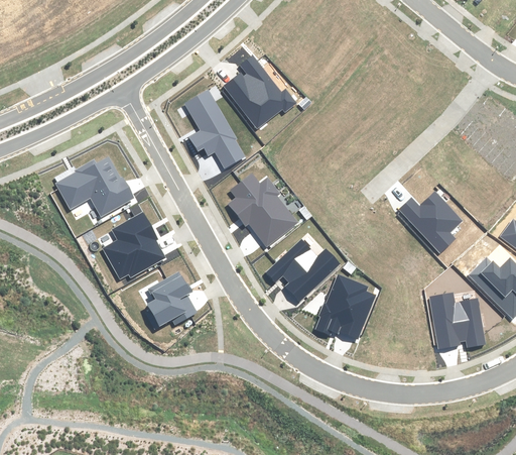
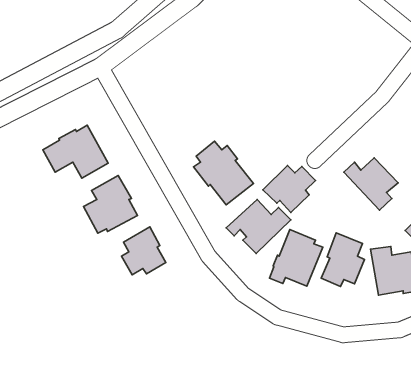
building: [224,55,295,128] -> none
building: [183,90,243,168] -> none
building: none -> [263,166,316,212]
building: none -> [321,233,365,287]

